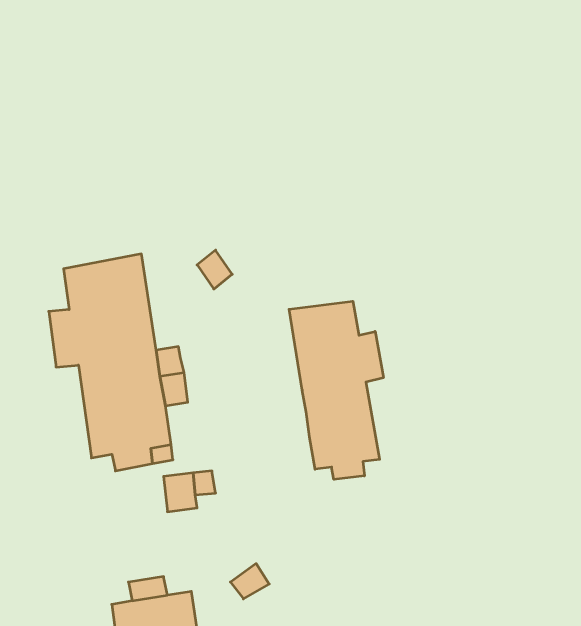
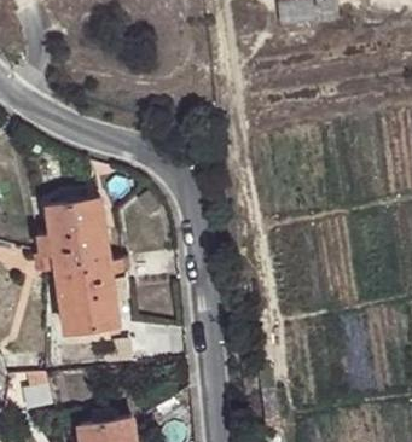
building: [289,301,383,479] -> none

